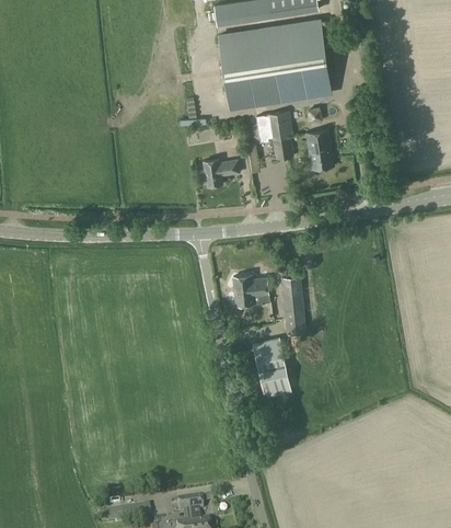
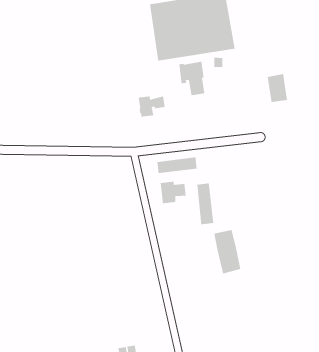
building: [304,130,333,170] -> [267,73,288,103]
building: none -> [157,156,197,174]
building: [252,337,289,398] -> [214,230,241,274]

